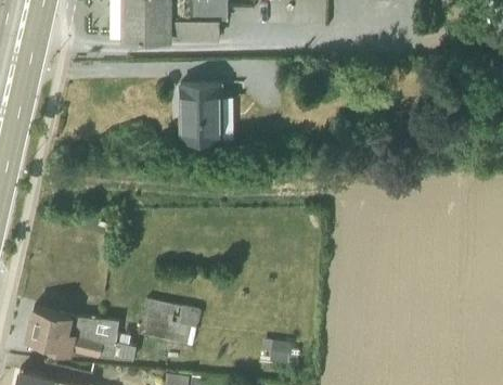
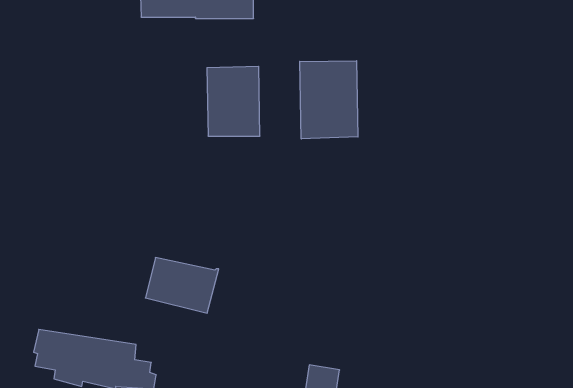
building: none -> [300,61,358,139]
building: [138,300,201,348] -> [145,258,219,313]

